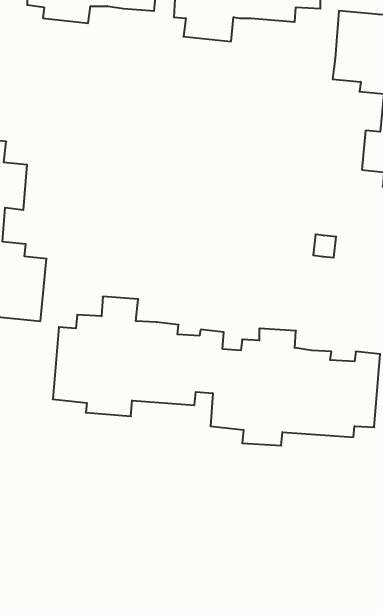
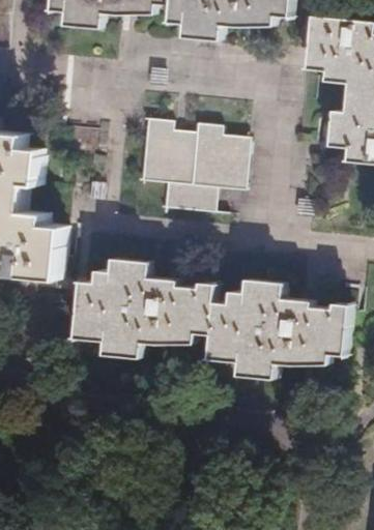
building: none -> [135,124,242,213]

